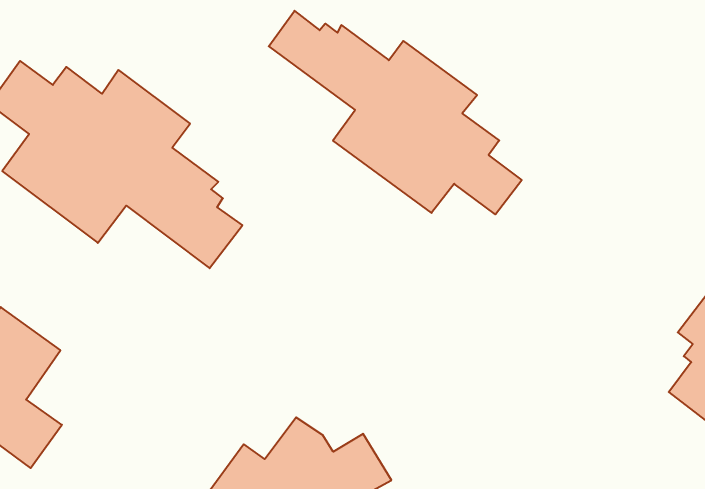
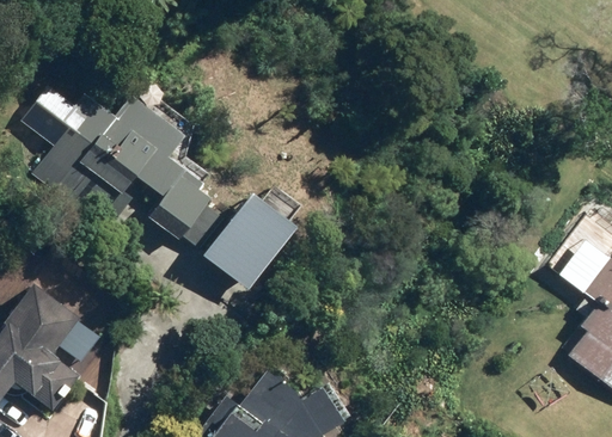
building: [269,11,522,214] -> none
building: none -> [204,195,298,291]

